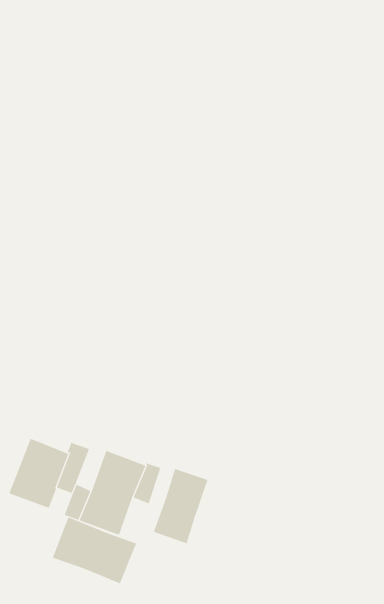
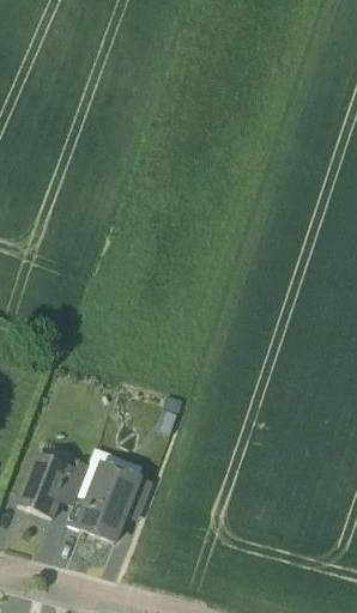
building: [153,468,208,544] -> none
building: [52,517,137,584] -> none

